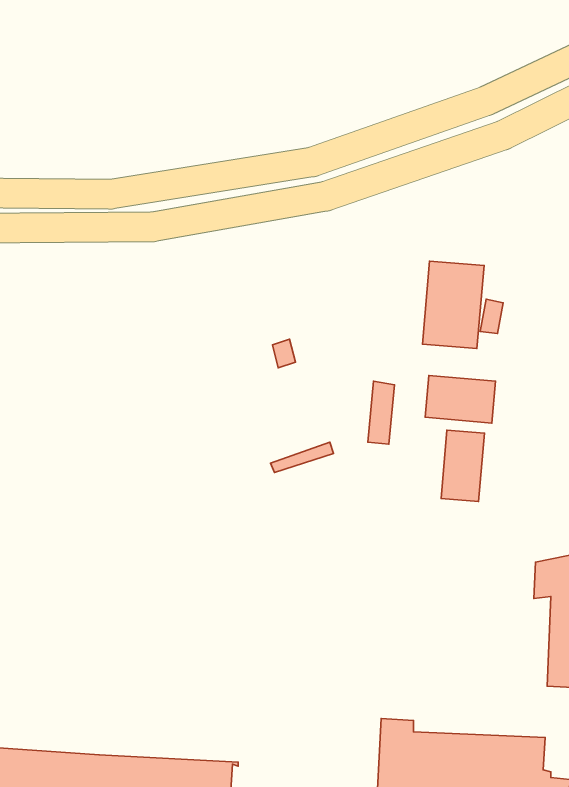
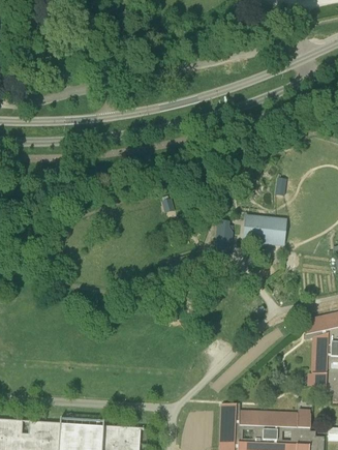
building: [422,261,484,348] -> none
building: [441,430,484,502] -> none

